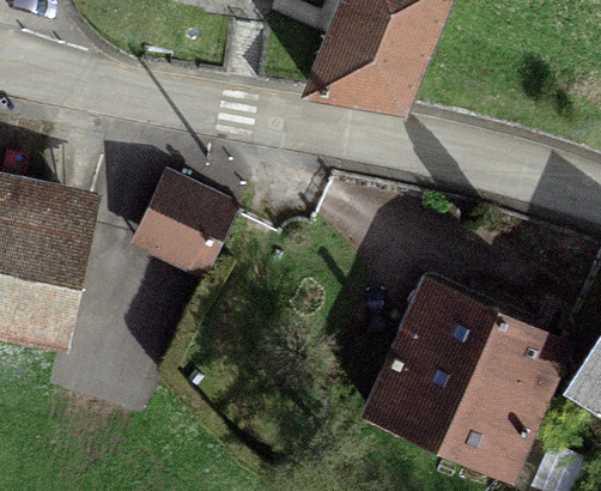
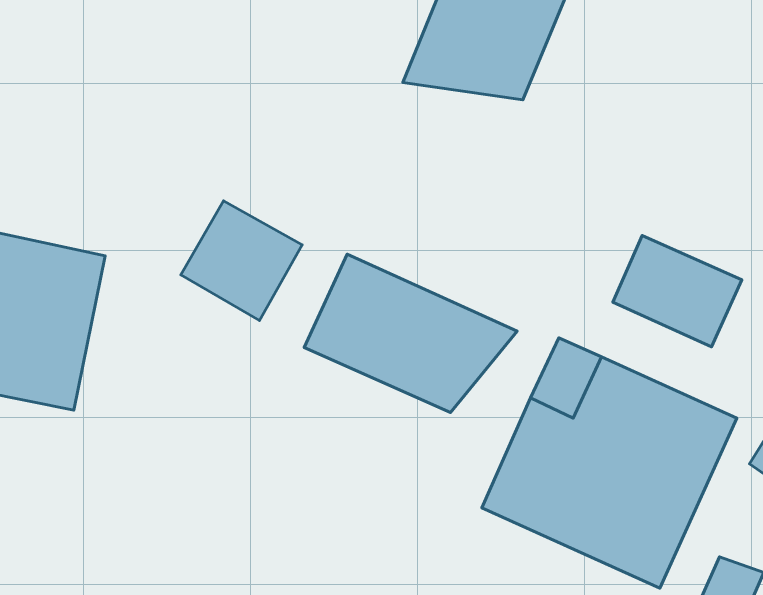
building: none -> [613,236,742,347]
building: none -> [304,254,517,413]

